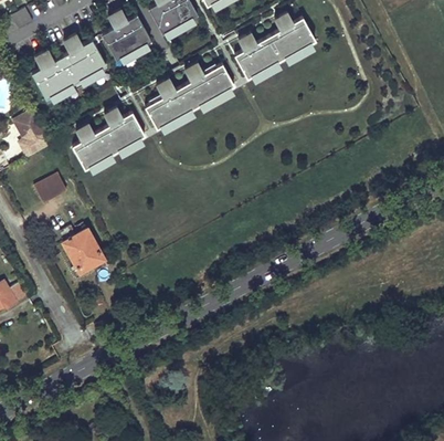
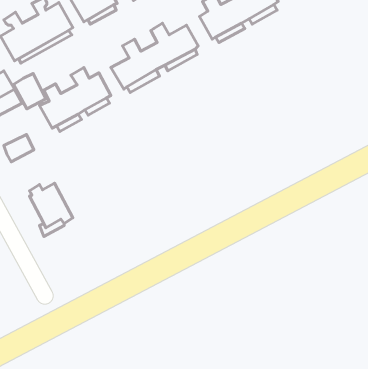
building: none -> [14,74,46,109]

